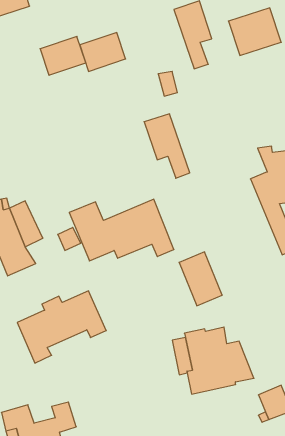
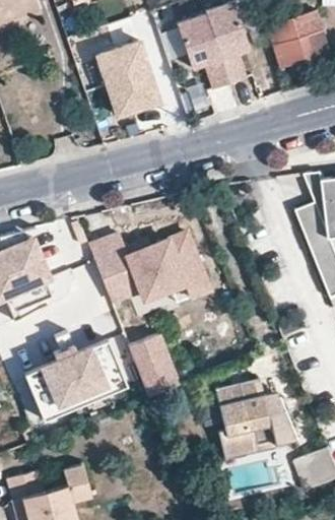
building: [40,36,86,75] -> [108,71,160,116]
building: [144,114,190,178] -> [177,14,229,88]
building: [179,252,222,306] -> [127,336,177,398]

